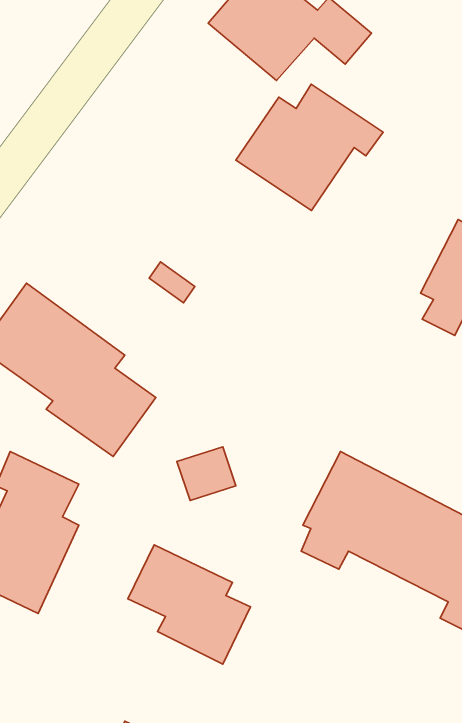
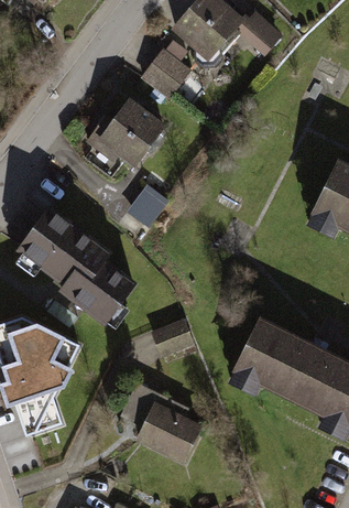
building: none -> [141,51,188,97]
building: [236,84,383,211] -> none
building: none -> [99,101,163,167]

